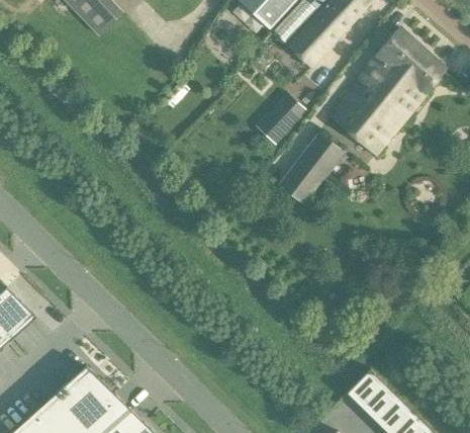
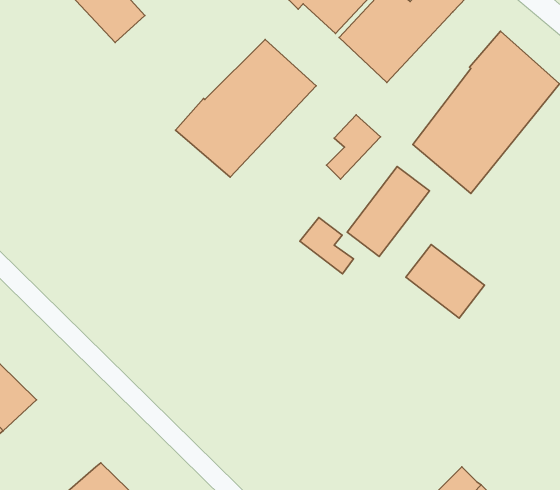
building: none -> [176,39,316,177]
building: none -> [300,217,353,274]
building: none -> [406,244,485,318]

